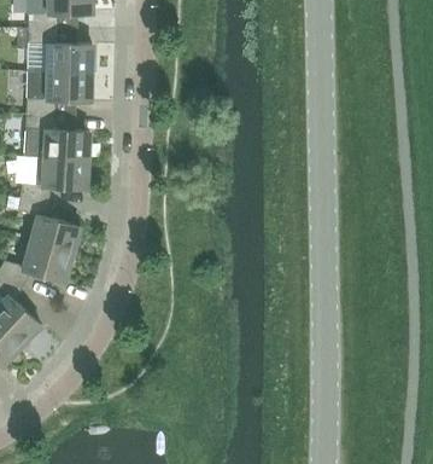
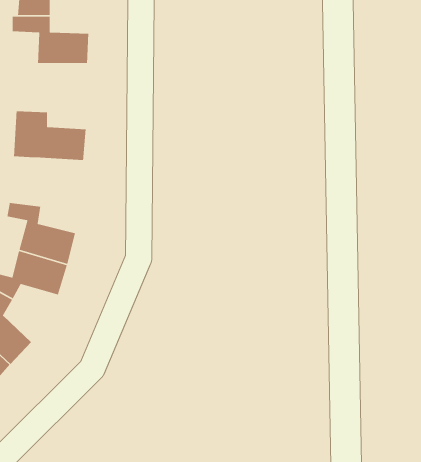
building: [25,71,90,116] -> none
building: [19,158,87,202] -> none

